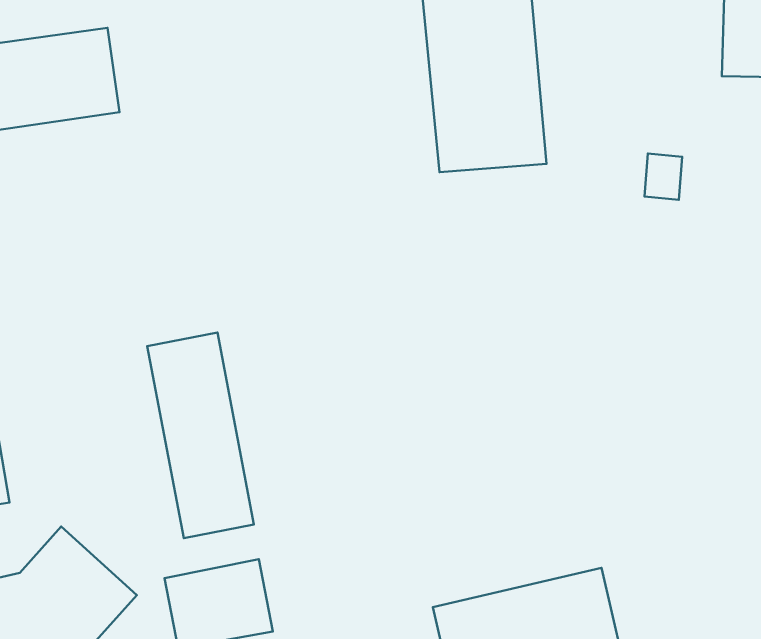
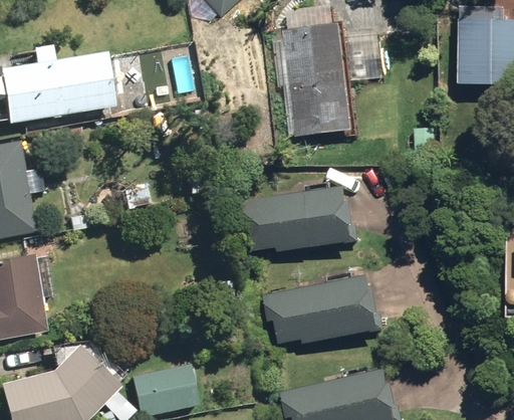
building: none -> [244,187,361,255]
building: [147,333,254,538] -> none
building: none -> [272,272,387,348]

